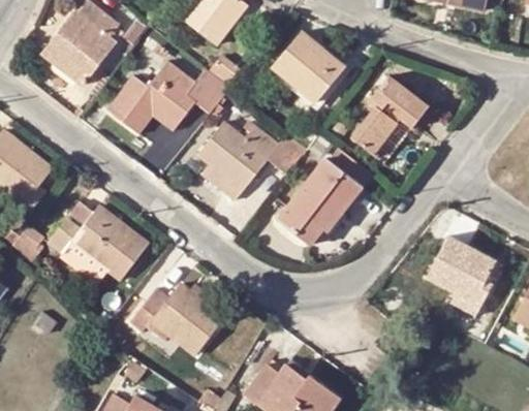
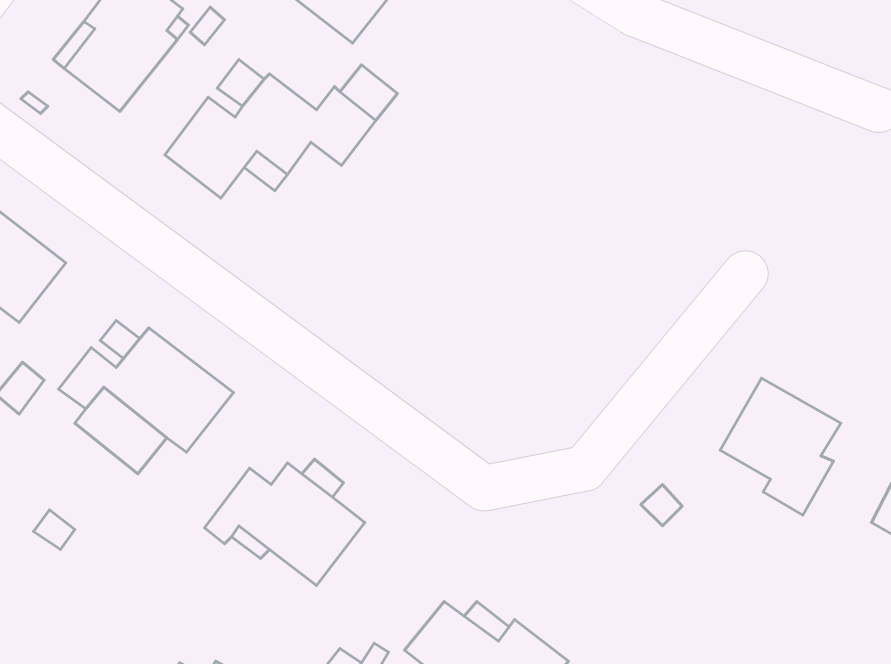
building: [275,33,345,101] -> none
building: [352,77,428,155] -> none
building: [199,123,305,199] -> none
building: [278,148,371,243] -> none

